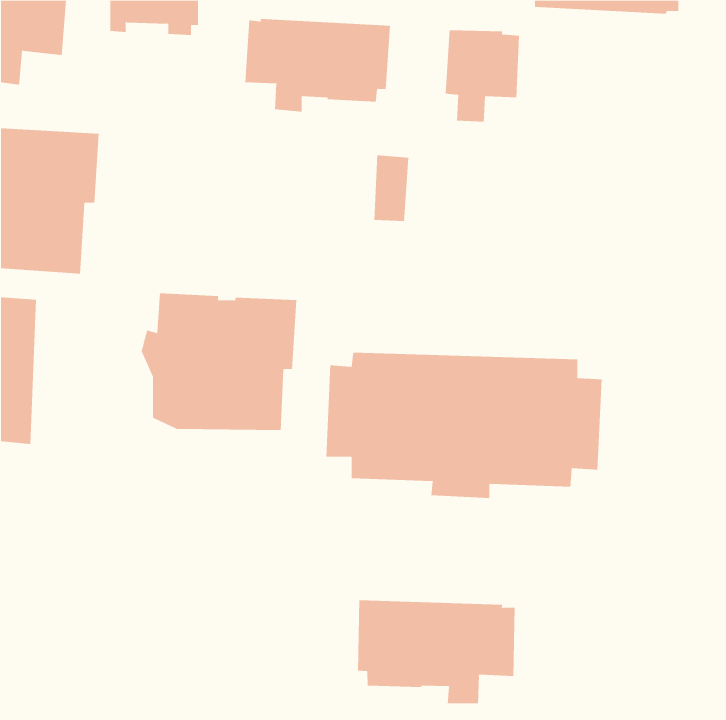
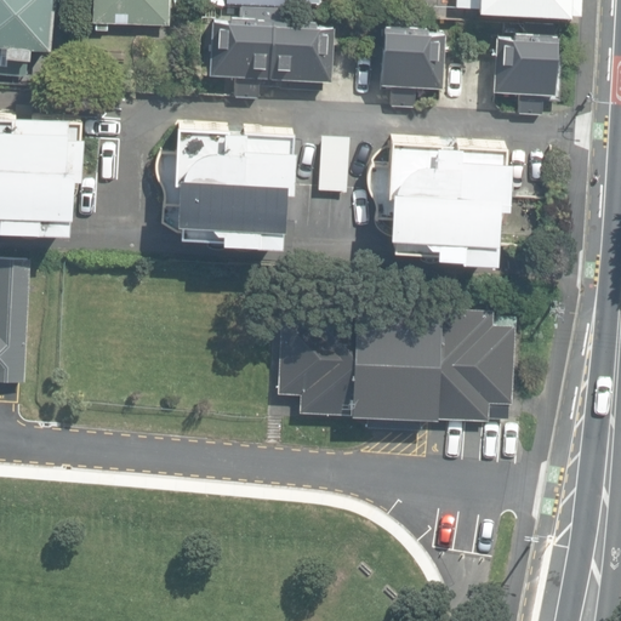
building: none -> [492,38,560,116]
building: none -> [368,129,505,251]
building: [141,293,297,431] -> [153,116,286,234]
building: [357,600,515,704] -> none

